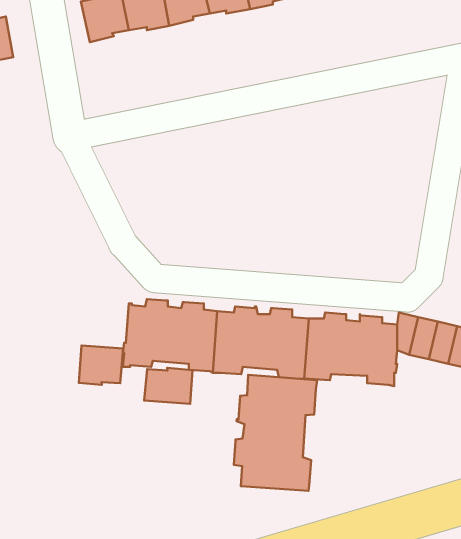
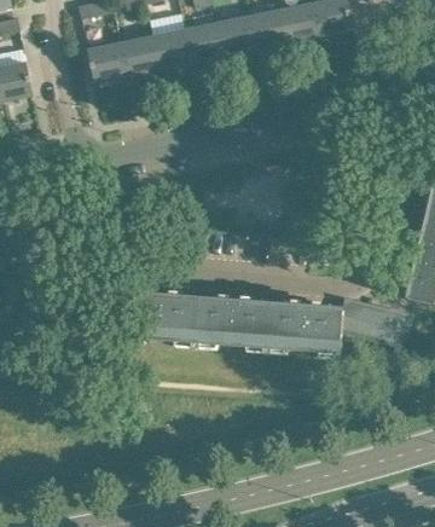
building: [79,345,123,385] -> none
building: [144,368,193,404] -> none
building: [234,375,317,491] -> none

